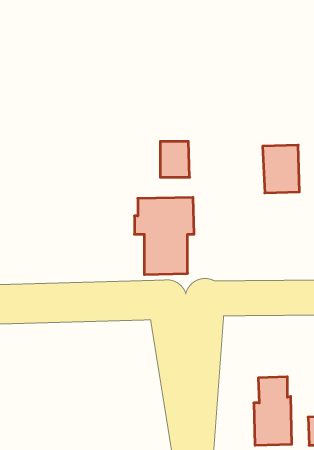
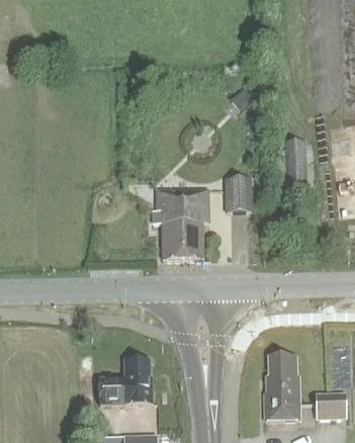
building: [160,141,190,177] -> [225,177,252,210]
building: none -> [99,359,152,407]

